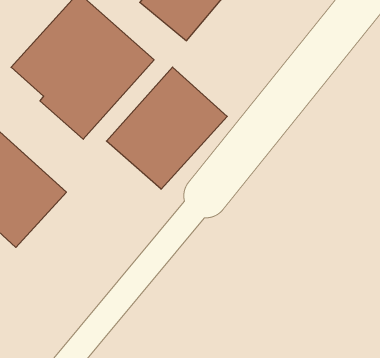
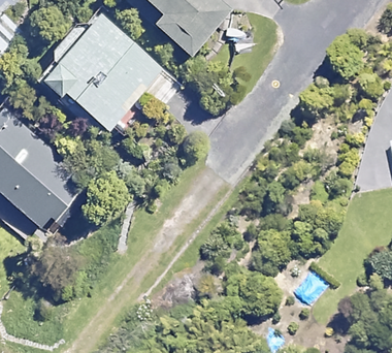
building: [106,67,227,189] -> none

